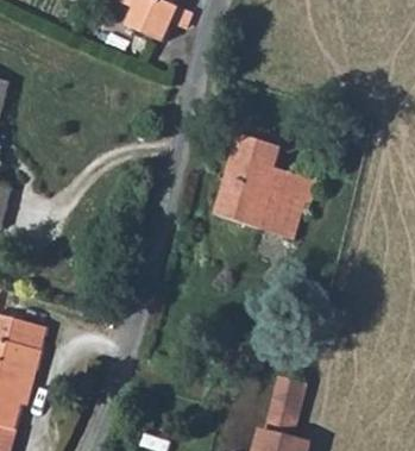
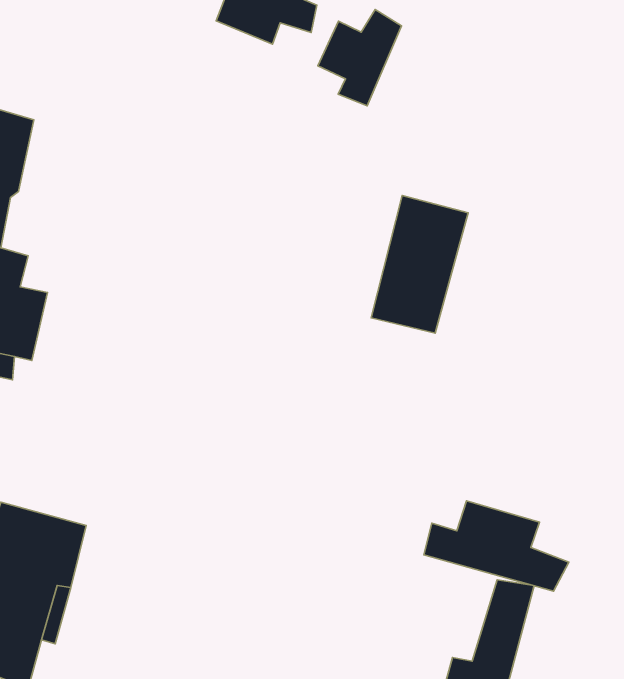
building: none -> [318,10,402,106]
building: [268,164,326,225] -> none
building: none -> [424,501,569,591]

